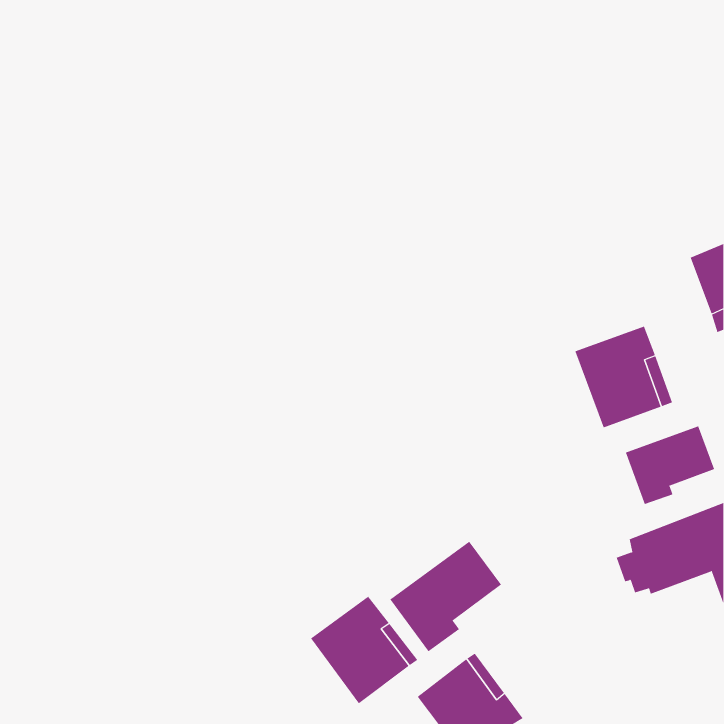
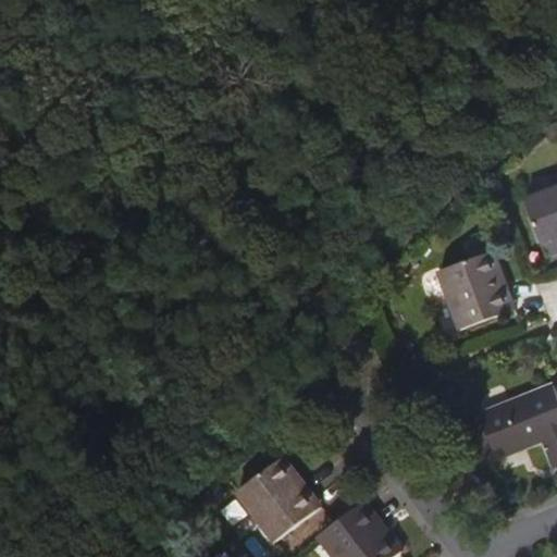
building: [625,426,715,505] -> none
building: [390,541,502,652] -> none

